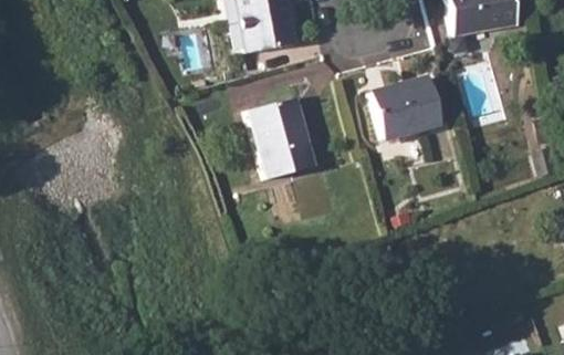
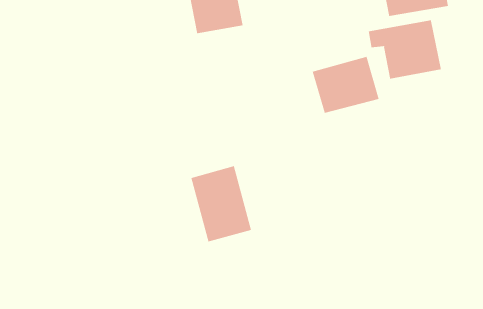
building: none -> [368,19,442,79]
building: [248,97,314,180] -> [191,166,252,242]

